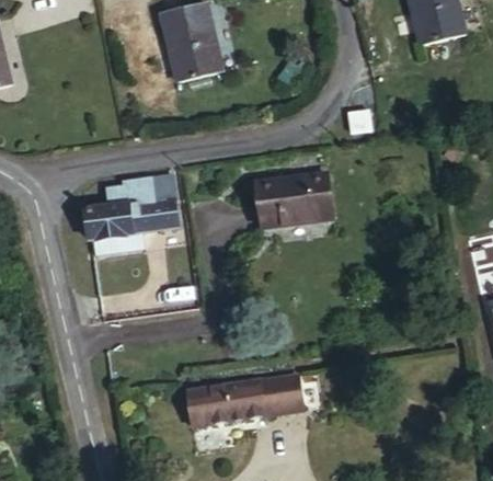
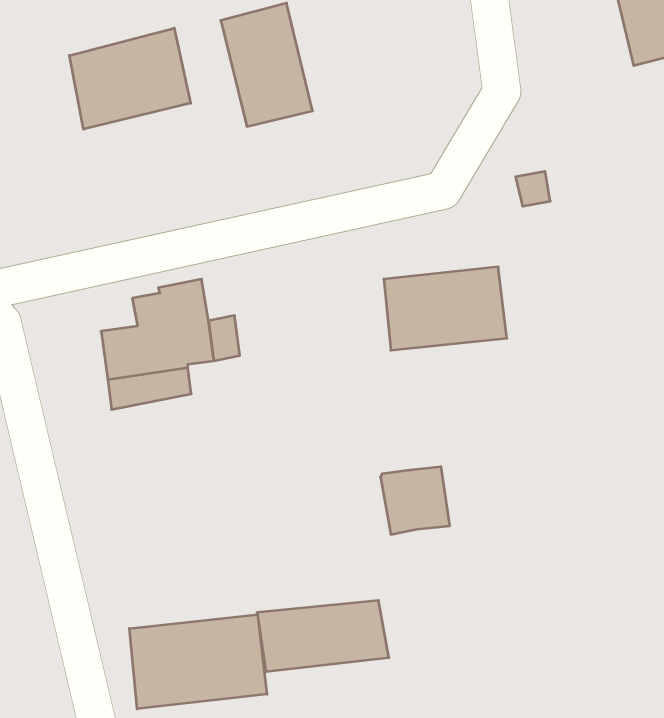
building: none -> [69,28,191,129]
building: [262,374,306,416] -> [380,467,450,534]
building: none -> [129,614,267,709]

